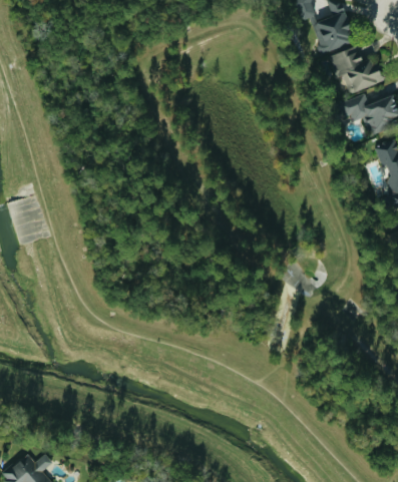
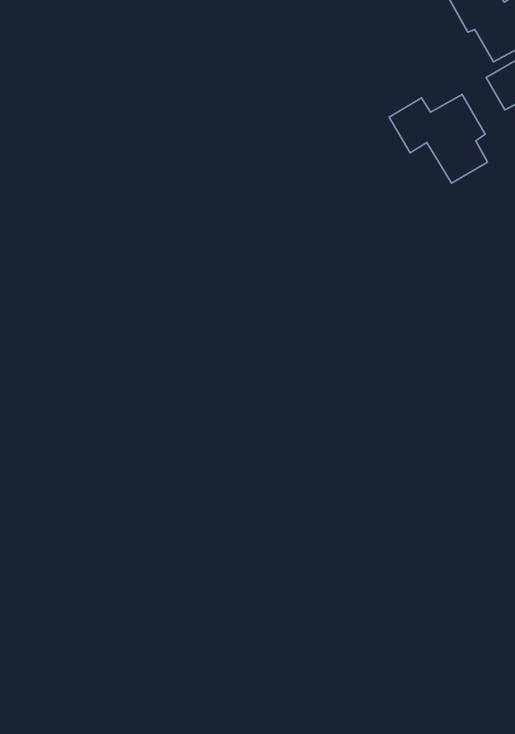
building: none -> [389,95,488,183]

